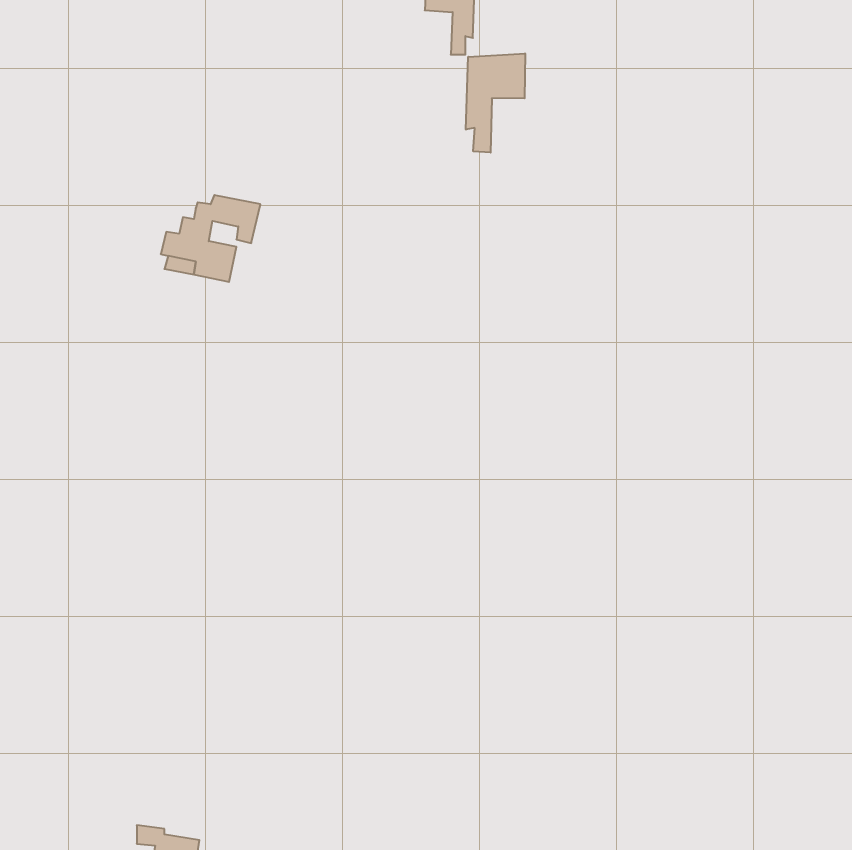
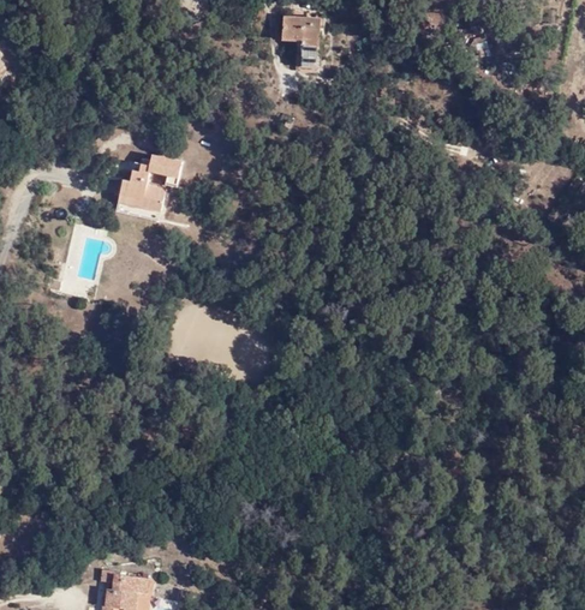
building: [466,53,525,153] -> none

